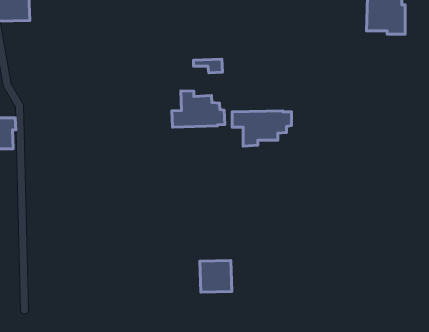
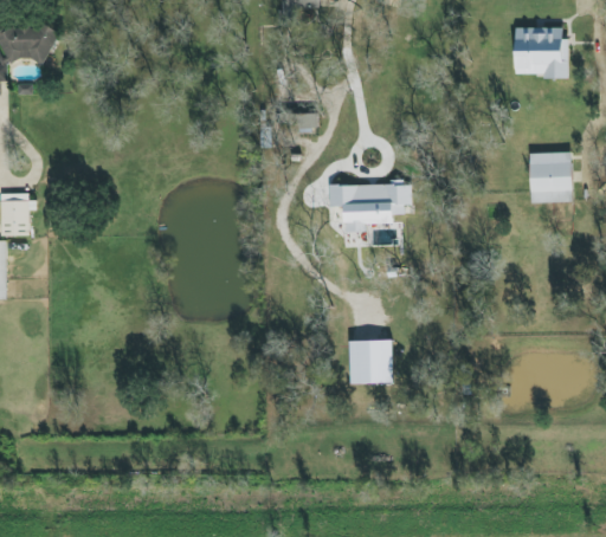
building: none -> [529,151,572,202]
building: [172,91,225,127] -> none
building: [200,260,232,292] -> [349,339,393,383]

